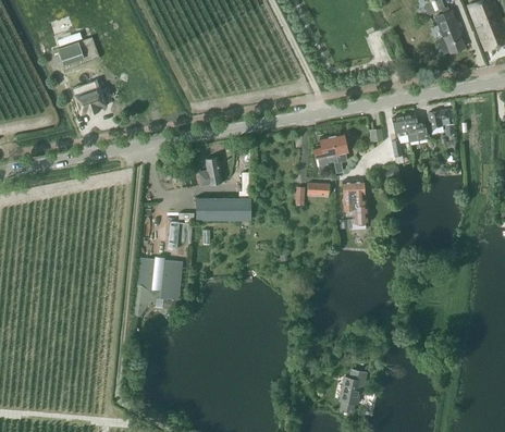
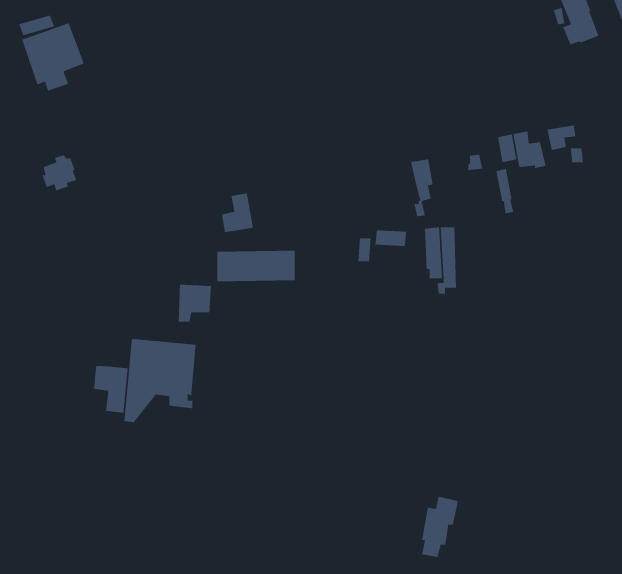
building: [79,86,104,112] -> [41,154,77,191]
building: [313,135,338,168] -> none
building: none -> [93,365,128,414]

